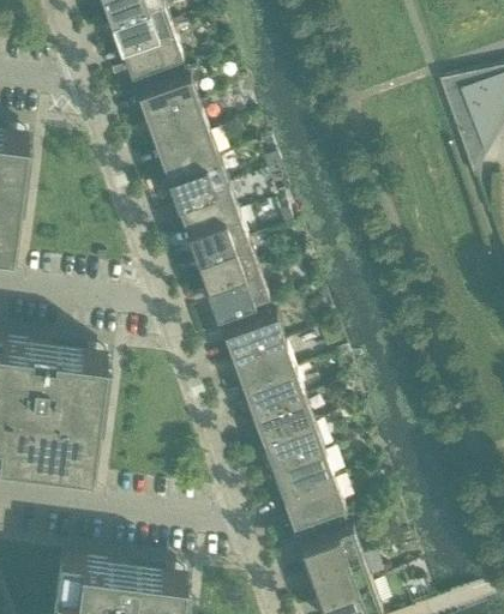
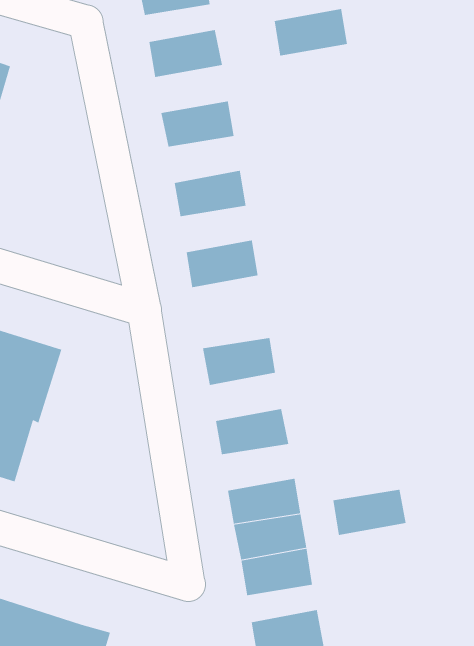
building: [149,112,211,158] -> [274,9,348,56]
building: [169,167,230,212] -> none
building: [188,221,250,266] -> none
building: [208,275,270,321] -> none
building: [235,350,296,397] -> none
building: [254,405,317,451] -> [332,489,406,536]

